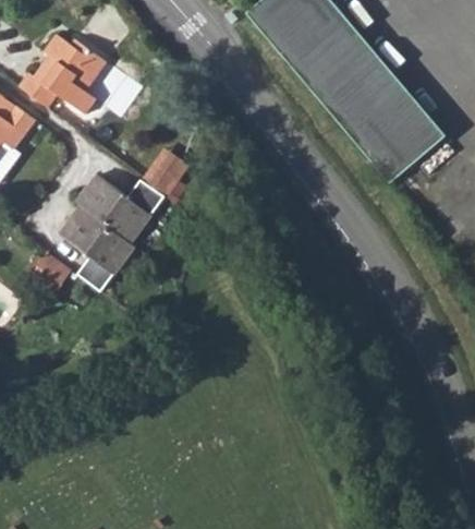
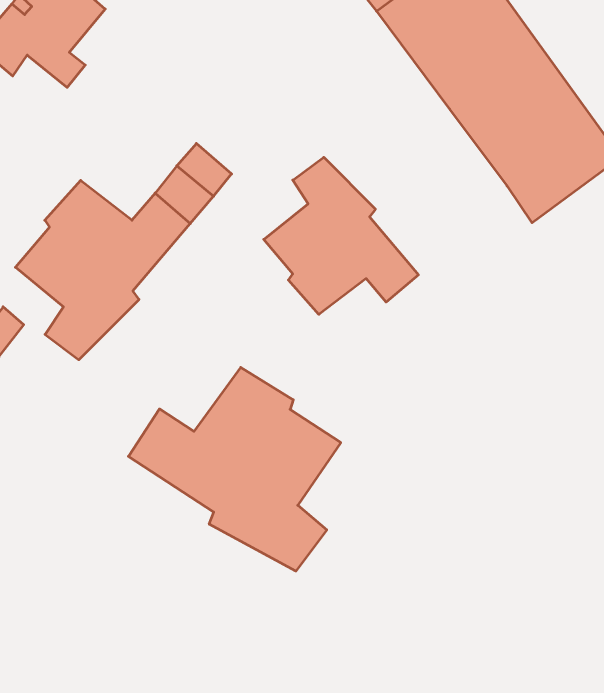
building: none -> [264,157,418,314]
building: none -> [128,367,341,571]

